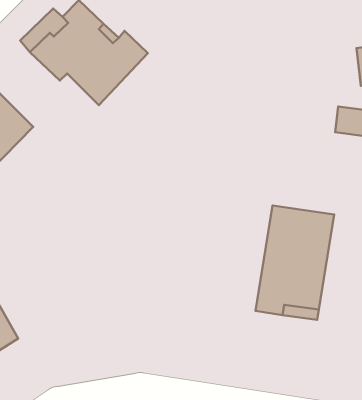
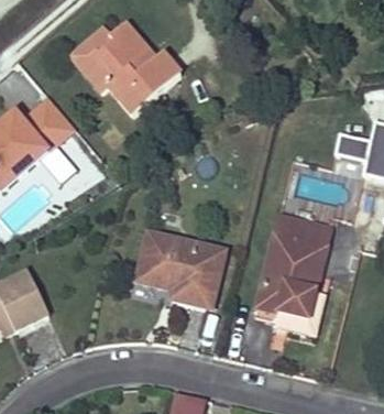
building: none -> [135,232,223,307]

